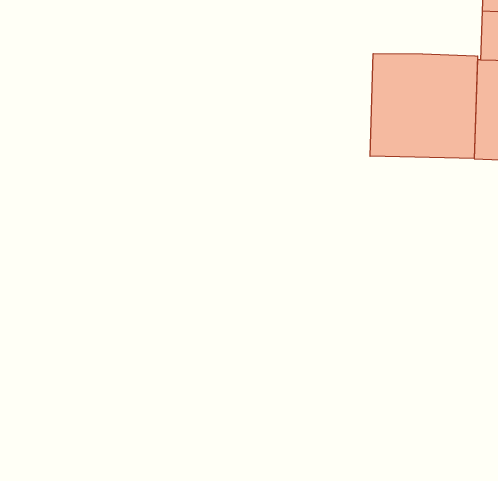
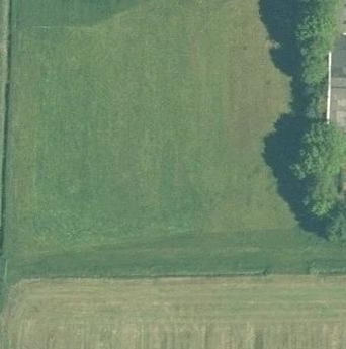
building: [370,54,478,159] -> none

